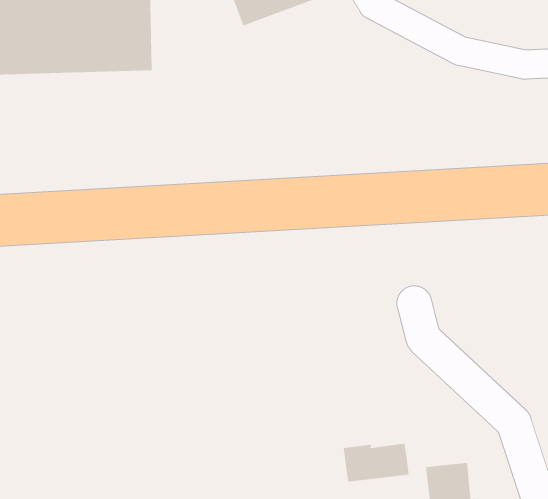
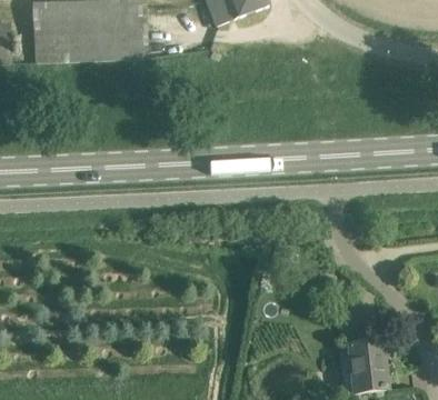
building: [343,443,409,482] -> none

